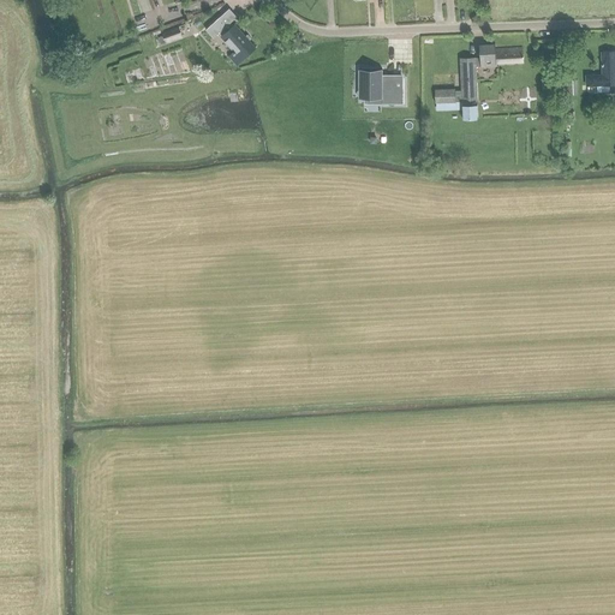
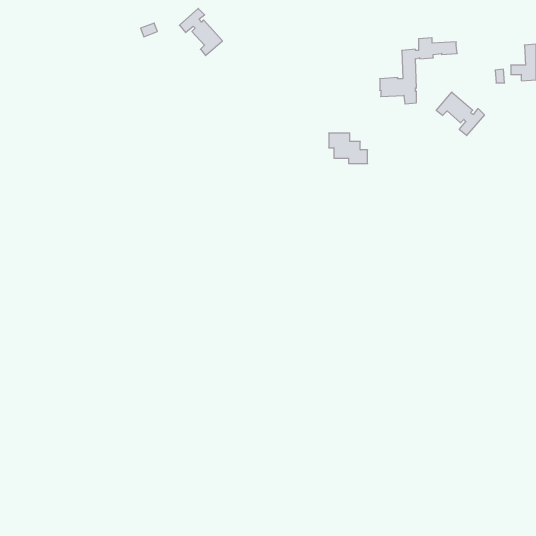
building: [358,70,402,105] -> [329,133,368,164]
building: none -> [436,92,484,136]

